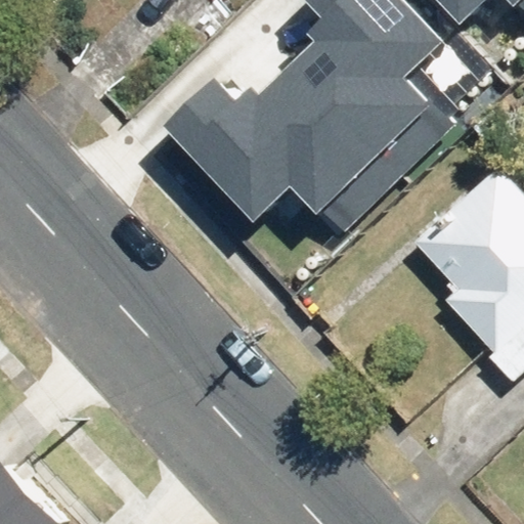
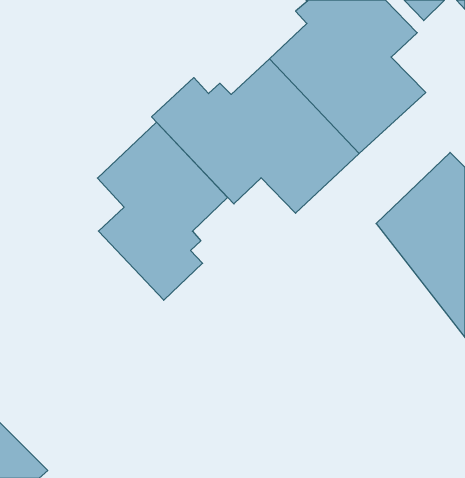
building: none -> [97,122,227,300]

